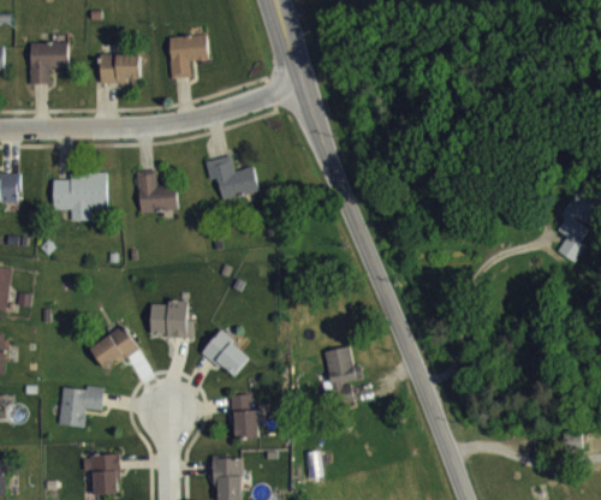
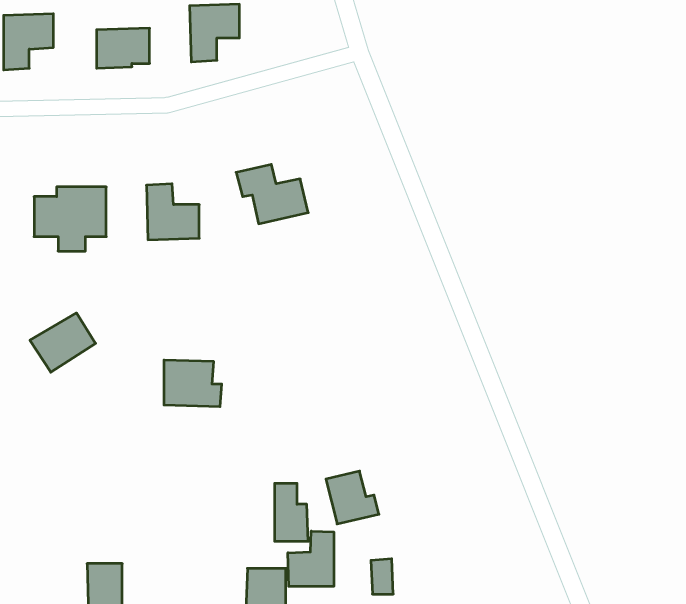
building: [89,326,138,370] -> [30,313,96,372]
building: [202,331,250,377] -> none
building: [323,346,363,386] -> [326,471,379,524]
building: [59,385,103,427] -> none
building: none -> [288,531,334,586]

